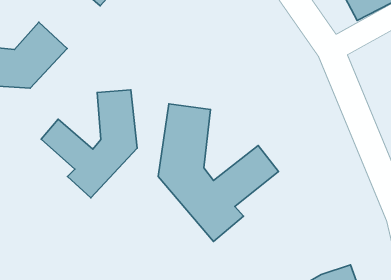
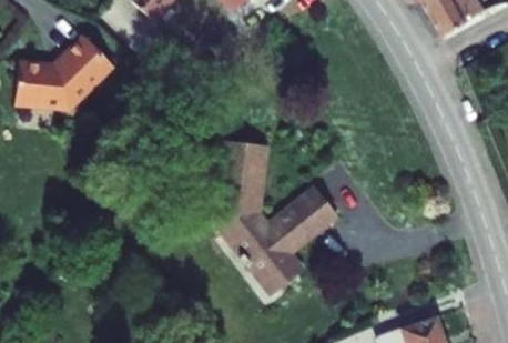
building: [41,90,137,198] -> none

